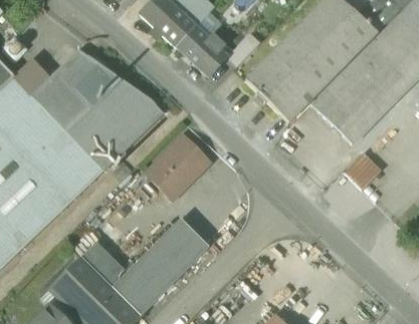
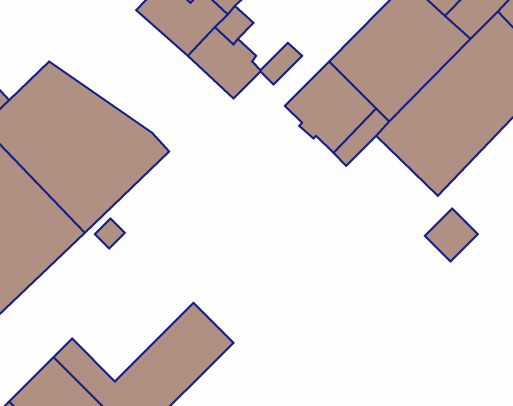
building: [146,135,208,198] -> none

